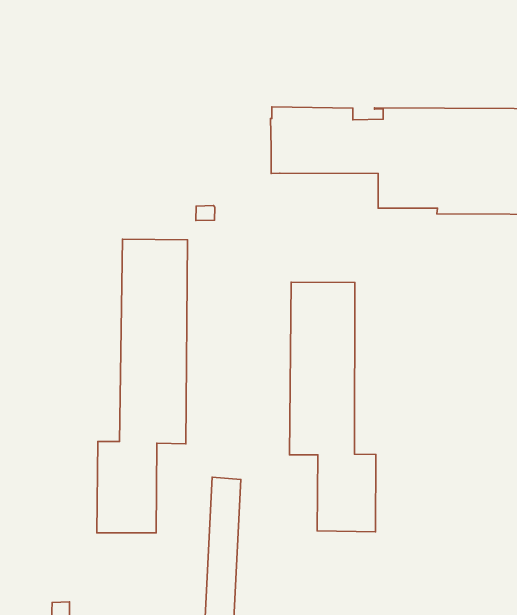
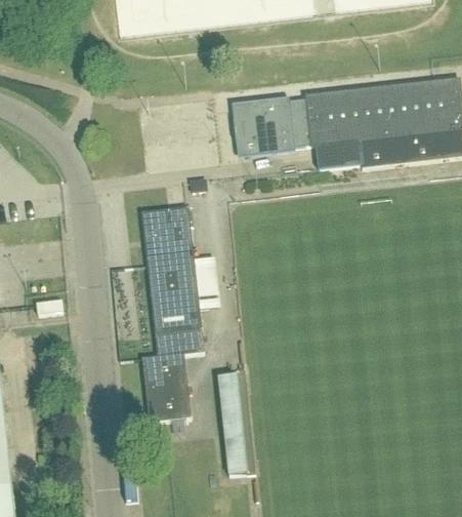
building: [290,282,376,532] -> none

